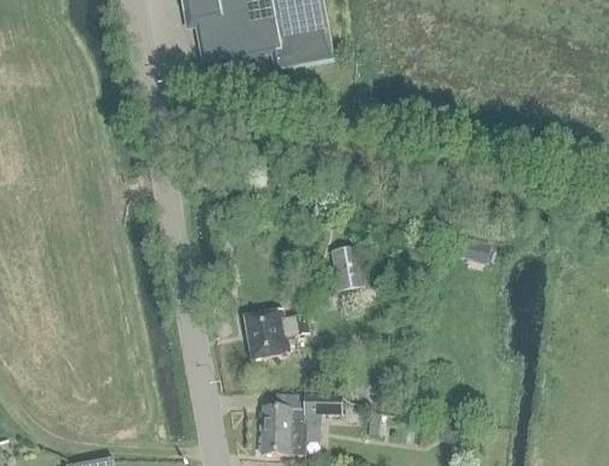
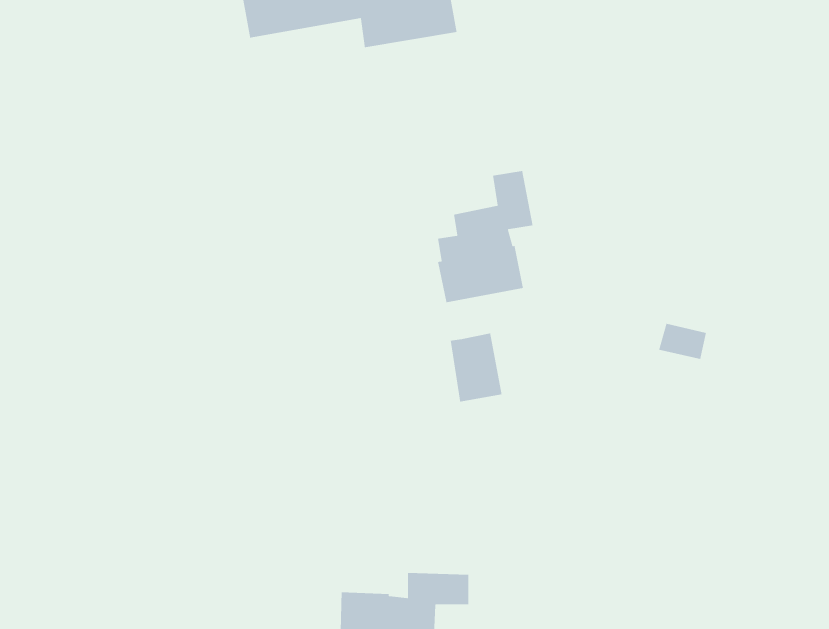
building: none -> [437,170,534,303]
building: [240,307,308,359] -> none

